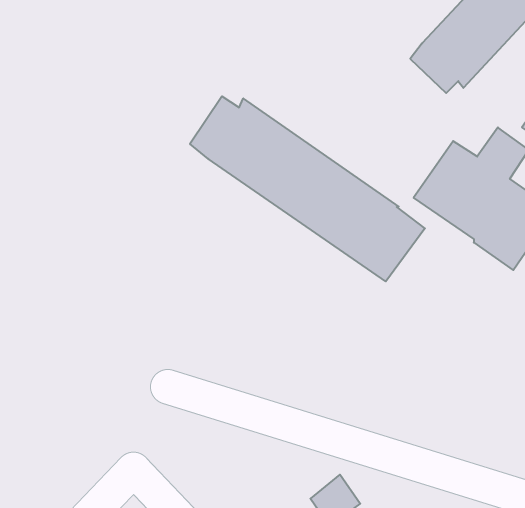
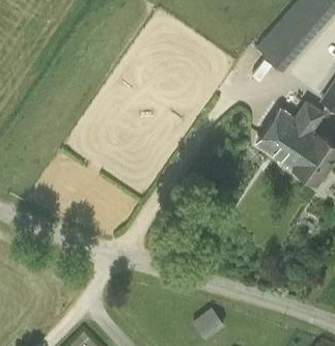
building: [190,96,425,281] -> none

